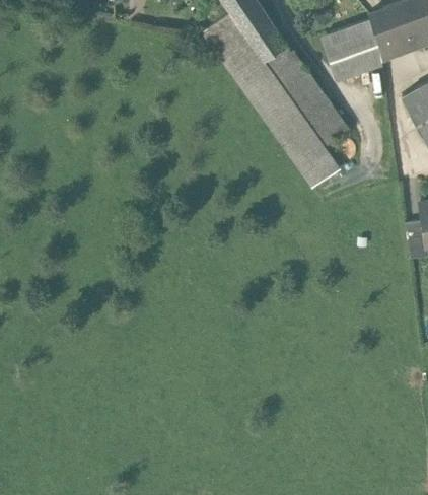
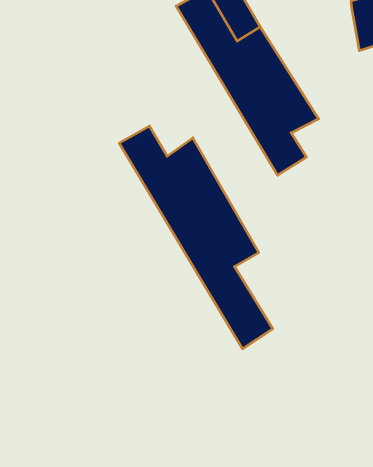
building: [323,20,383,81] -> none
building: none -> [119,126,273,349]

